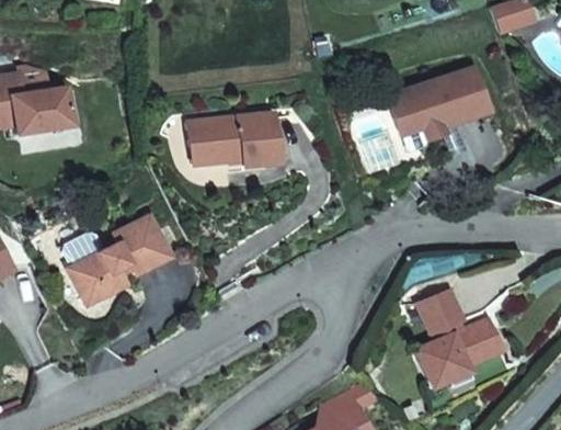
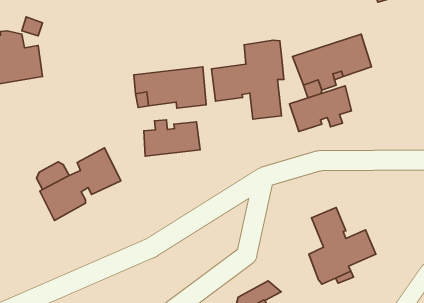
building: none -> [211,40,284,119]
building: none -> [290,86,352,131]
building: none -> [144,120,200,156]

